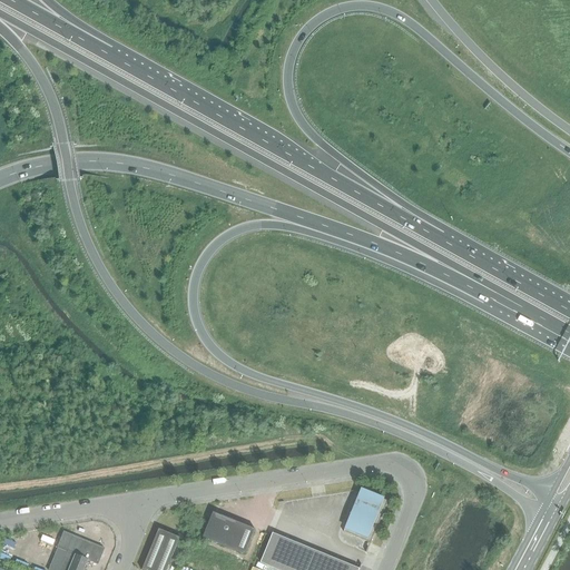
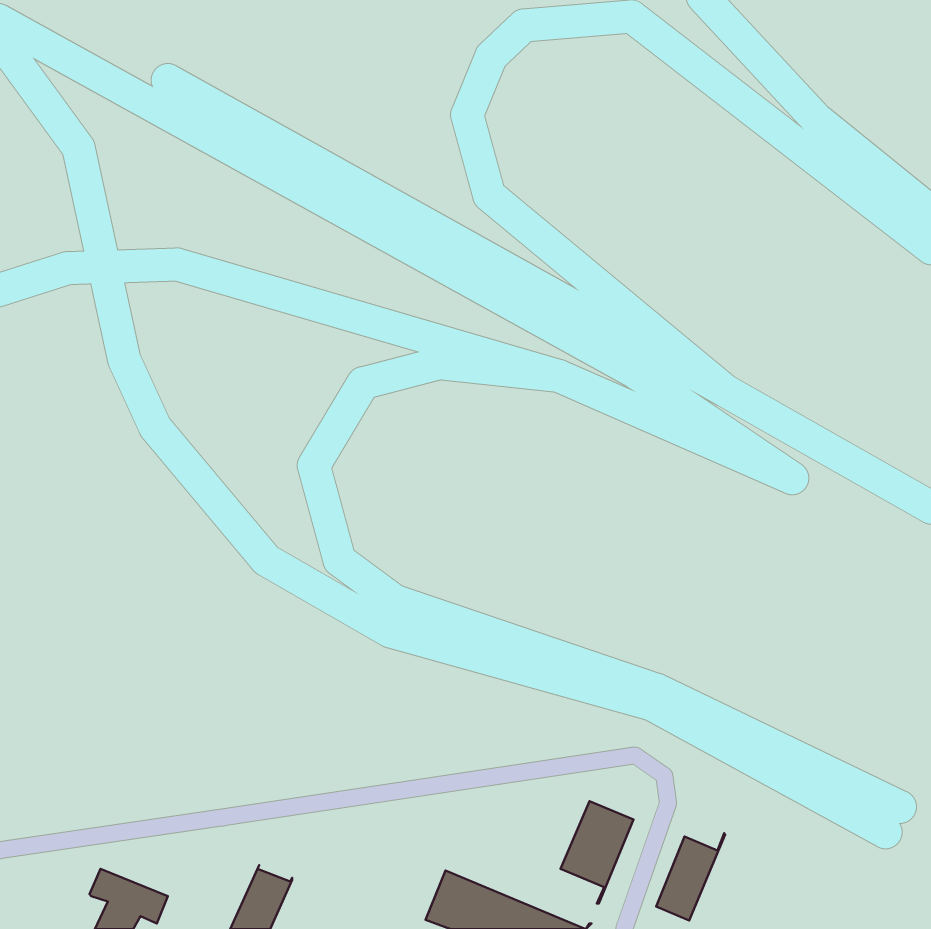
building: none -> [656,833,725,920]
building: [202,511,254,553] -> none

